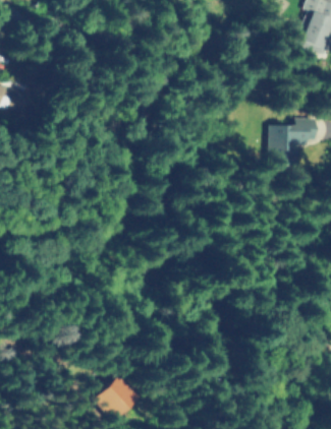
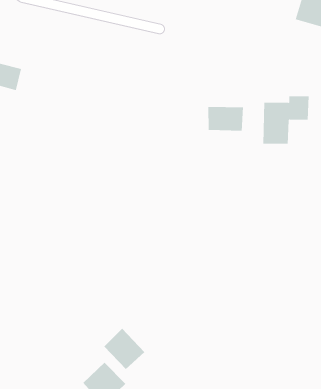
building: none -> [208,106,244,131]
building: none -> [104,328,145,370]

